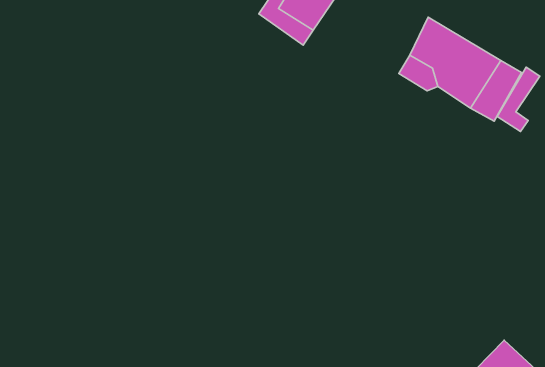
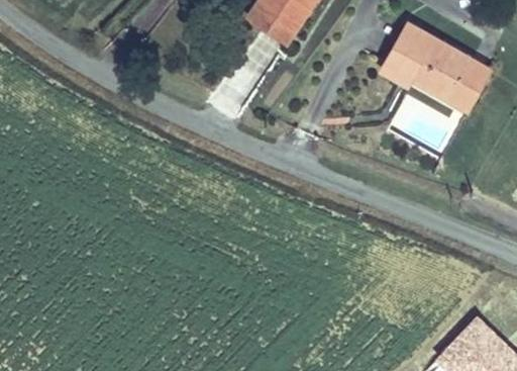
building: [497,67,540,131] -> none

